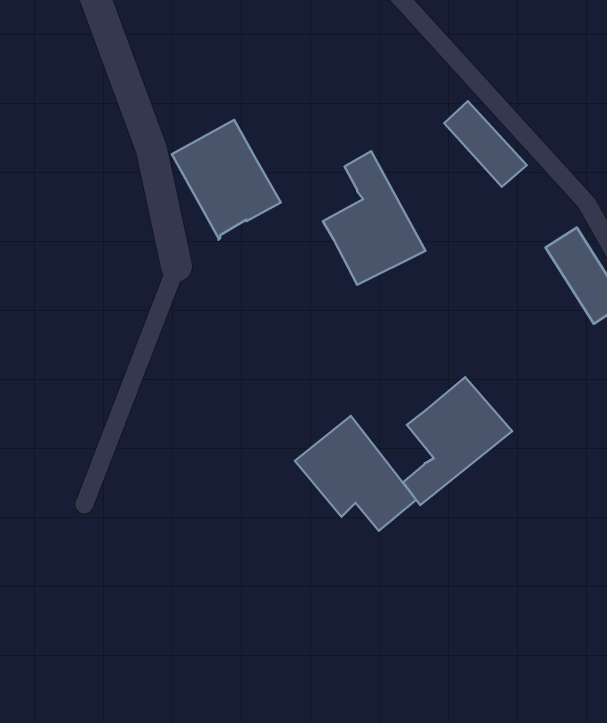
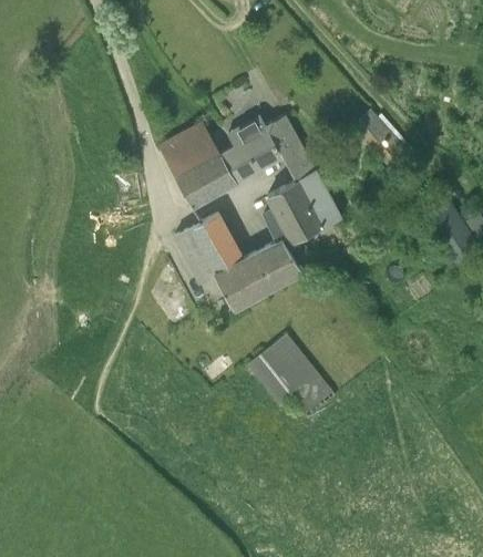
building: none -> [219,114,301,182]
building: none -> [174,208,299,309]
building: [403,377,512,505] -> none

